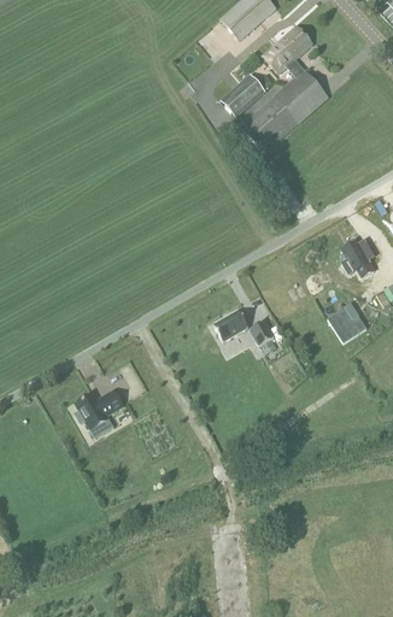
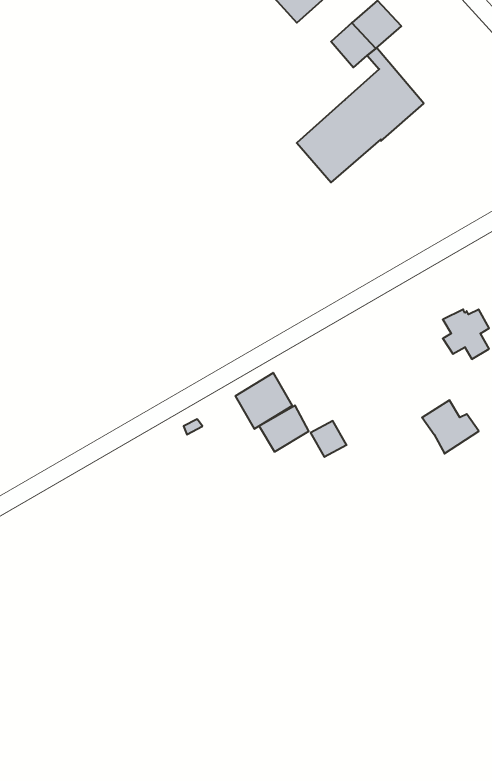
building: [222,72,265,116] -> none
building: none -> [236,373,292,429]
building: [75,388,123,427] -> none

